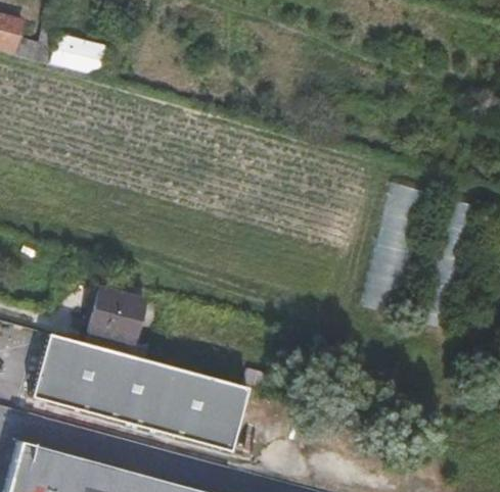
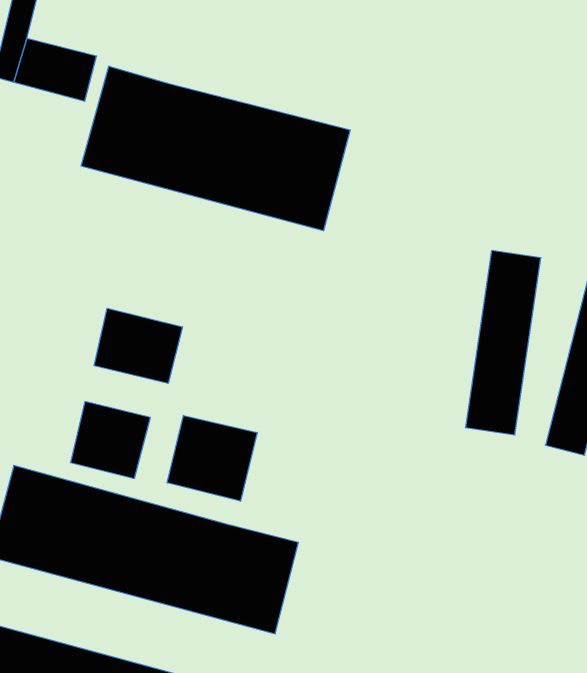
building: none -> [81,66,350,231]
building: none -> [94,308,182,383]
building: none -> [167,415,257,501]

